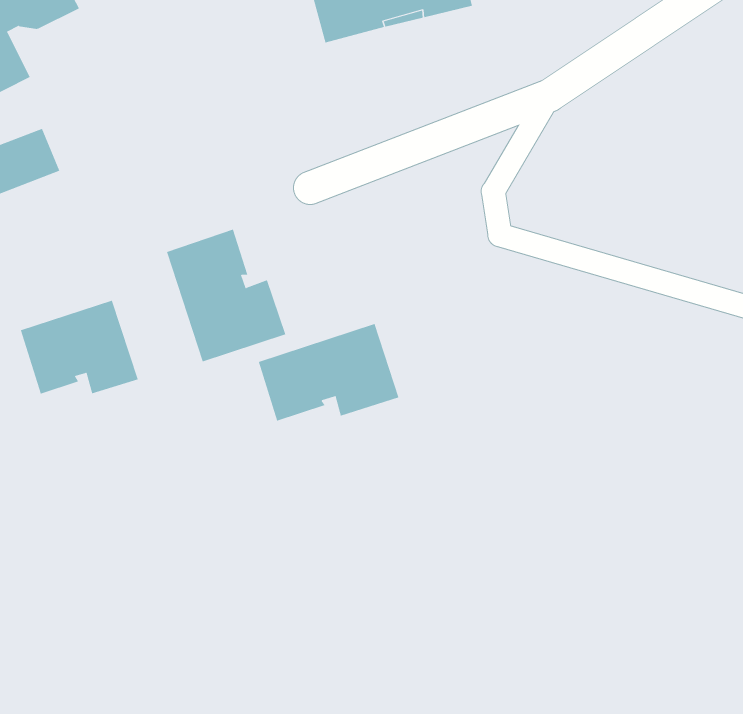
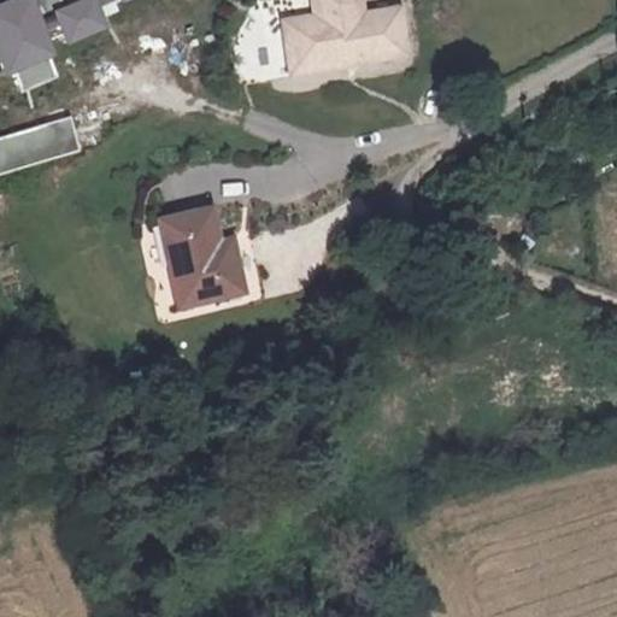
building: [20,300,138,394] -> none
building: [258,323,399,422] -> none

